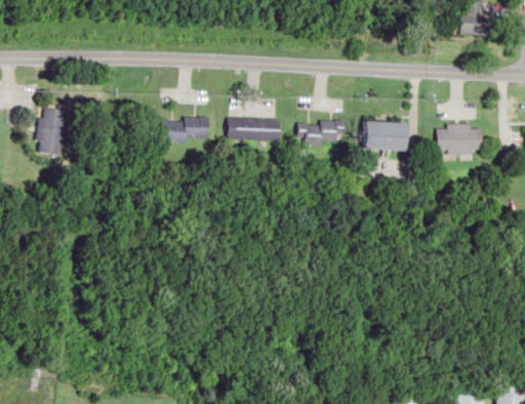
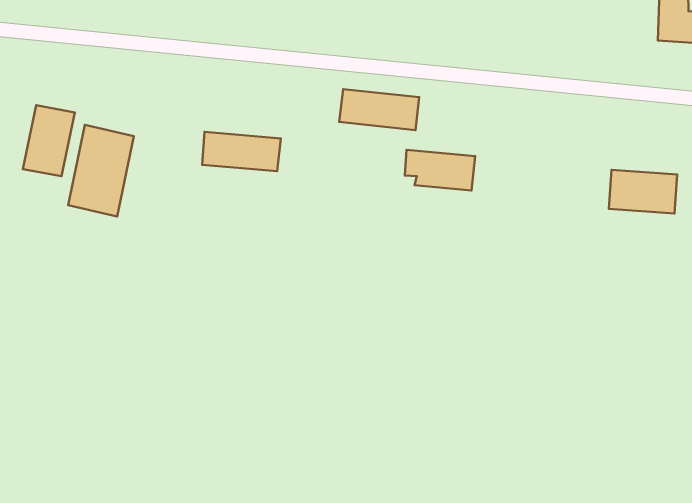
building: [227,117,280,142] -> [339,89,419,130]
building: none -> [68,125,134,217]
building: [363,121,409,149] -> none

